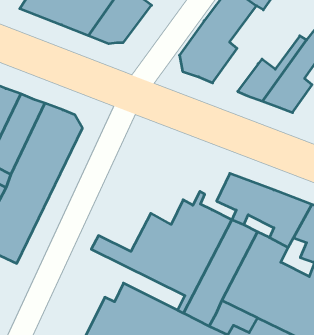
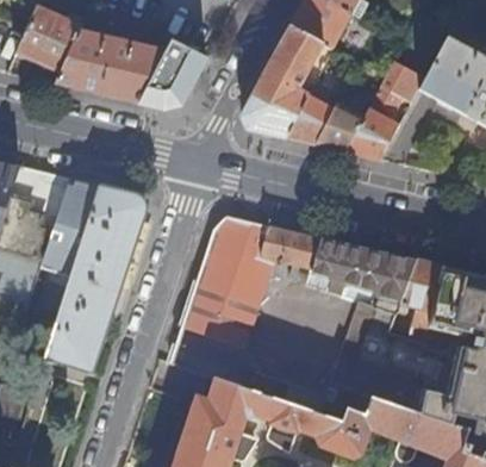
building: none -> [286,81,335,143]
building: none -> [180,216,319,341]

